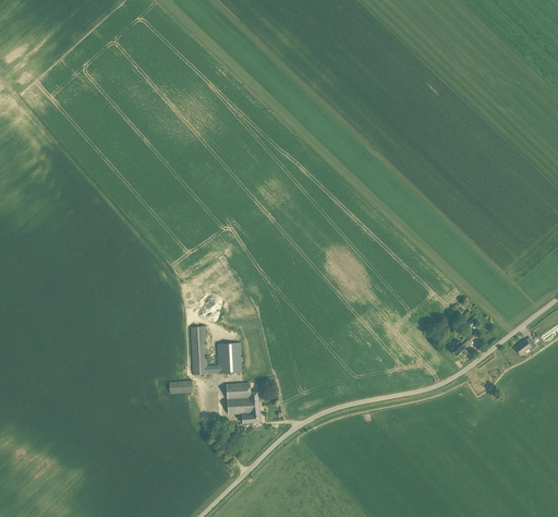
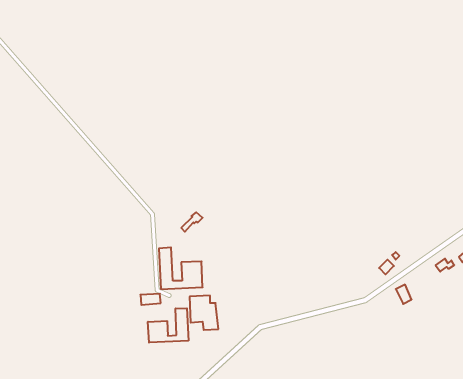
building: none -> [148,308,188,343]

